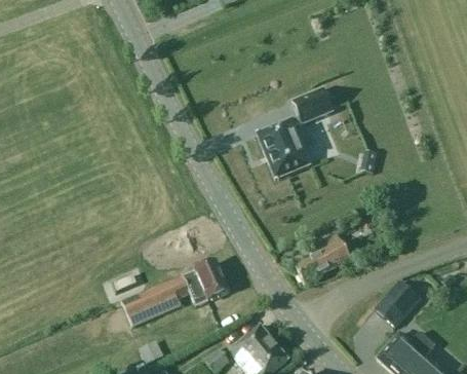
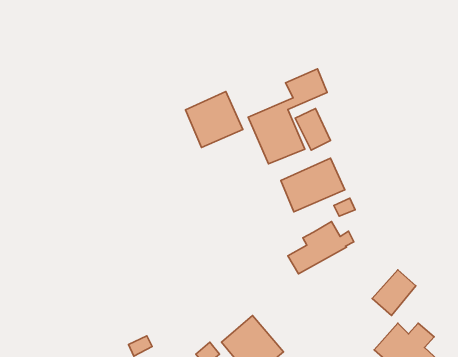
building: none -> [185,91,243,147]
building: none -> [281,158,345,212]
building: [122,260,229,324] -> none

